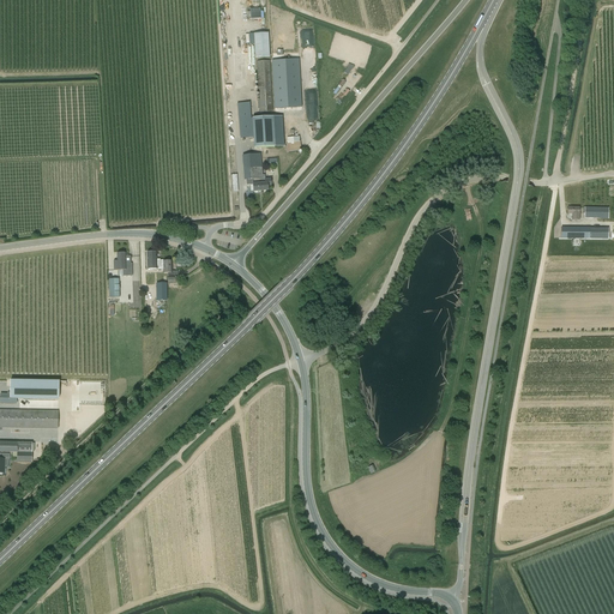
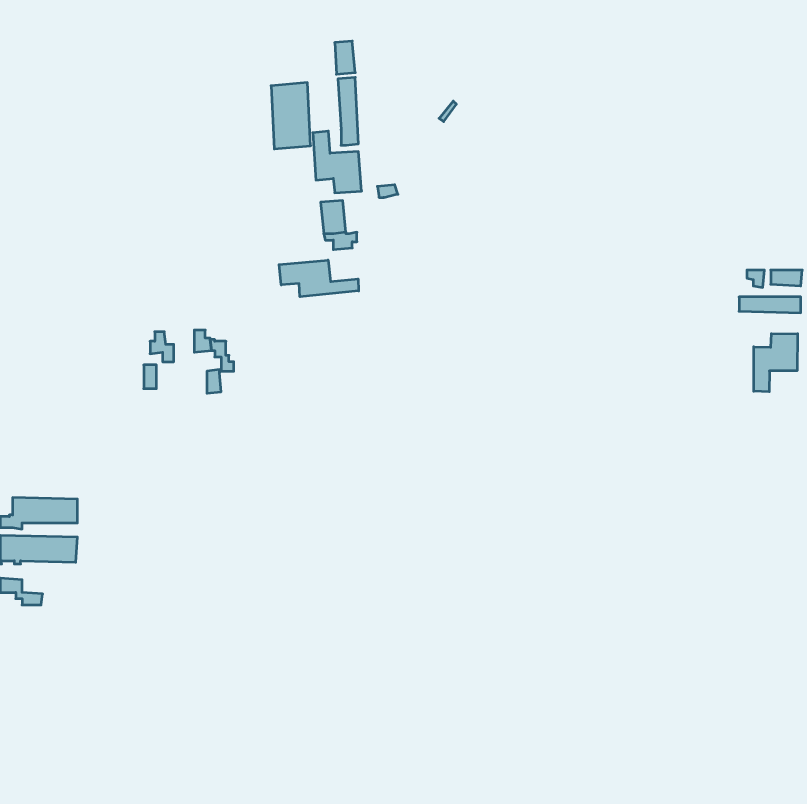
building: [272,56,302,107] -> [271,83,311,149]
building: none -> [279,260,359,297]
building: none -> [754,334,798,392]

